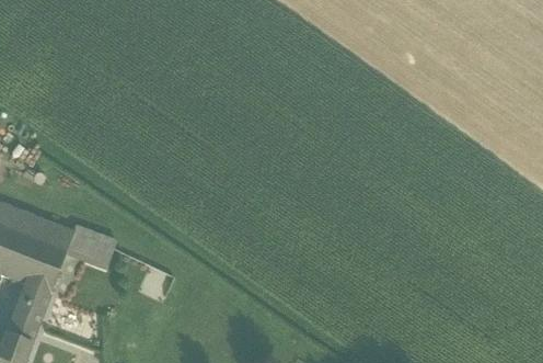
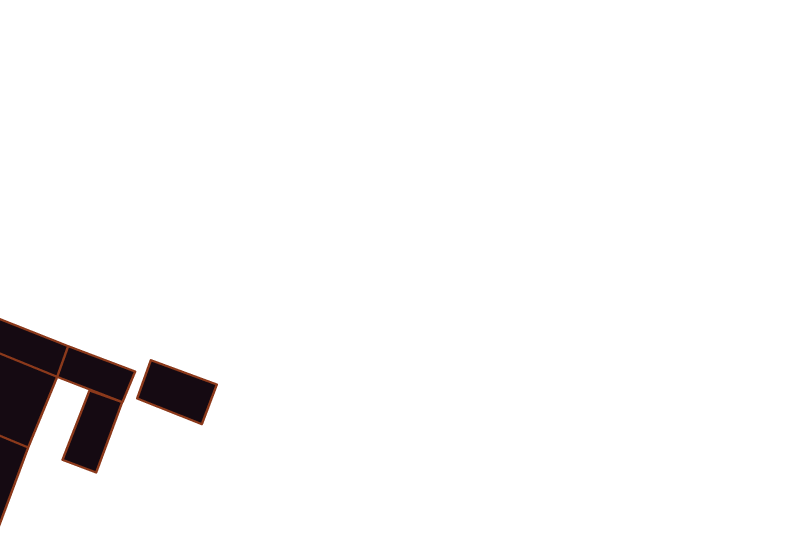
building: none -> [137,360,217,424]
building: none -> [62,390,122,473]

